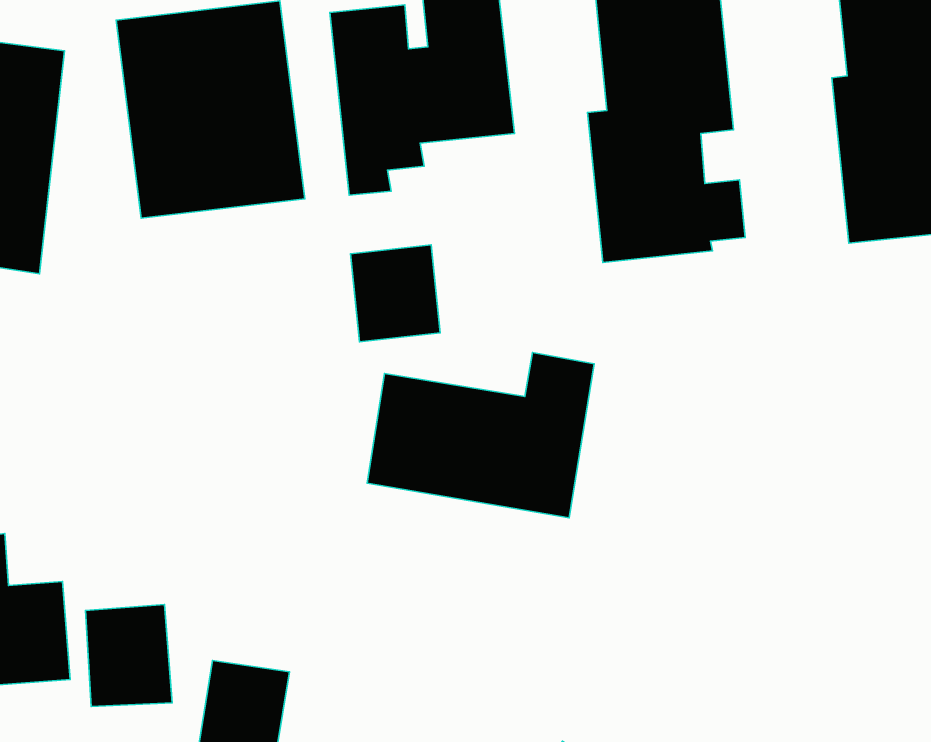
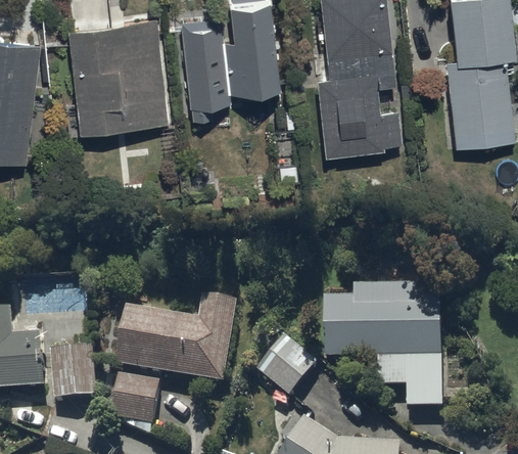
building: [350,245,440,342] -> none
building: [367,352,594,518] -> [113,292,234,380]
building: none -> [324,280,442,402]
building: none -> [254,332,316,395]

